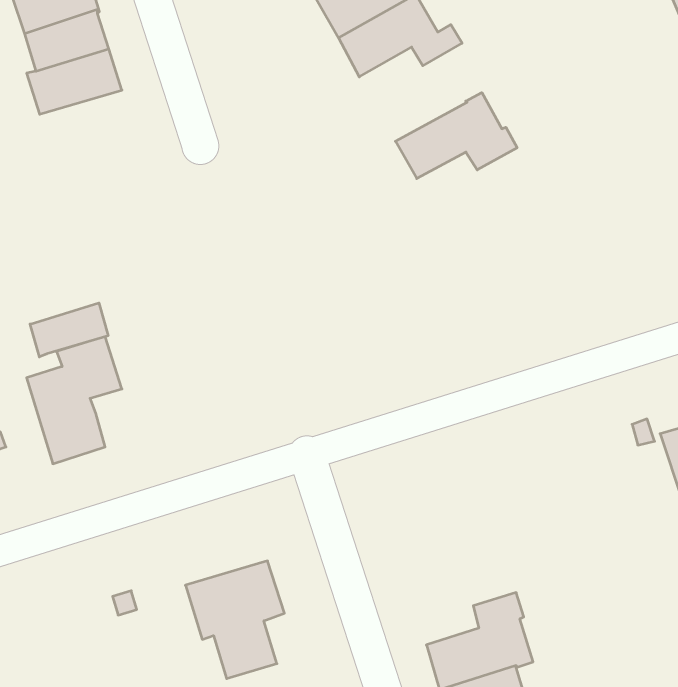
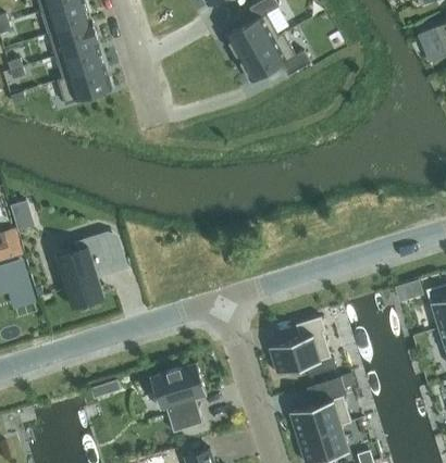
building: [395,93,517,179] -> none
building: [30,303,108,357] -> none
building: none -> [269,316,331,374]

